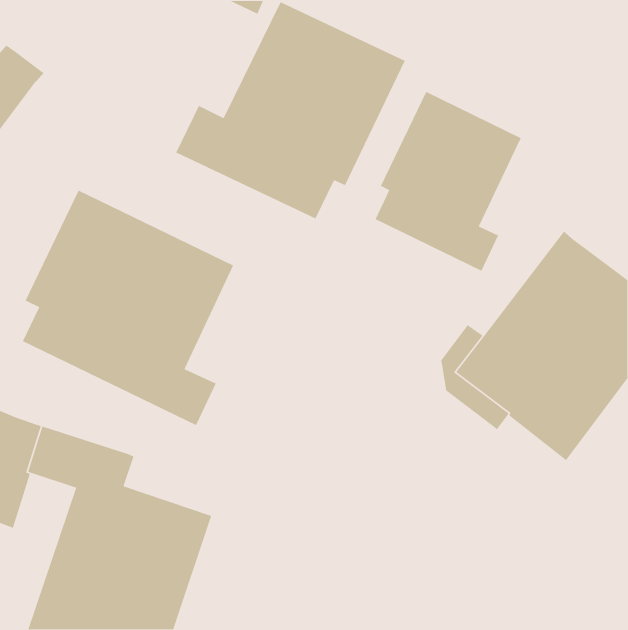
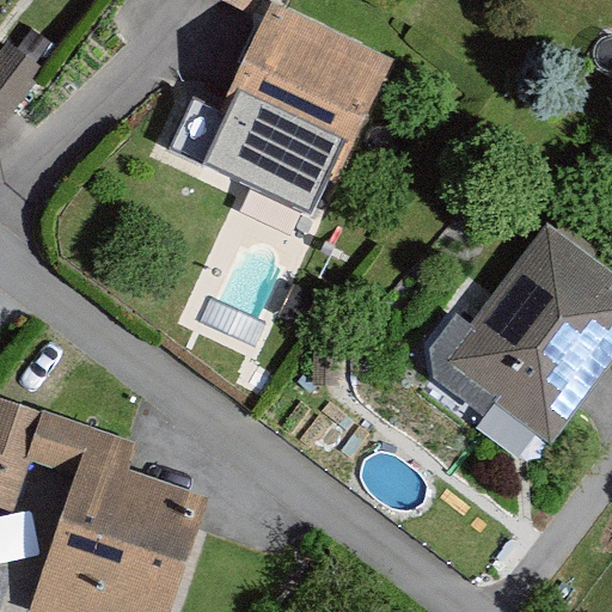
building: [374,91,522,272] -> none
building: [22,189,234,426] -> none

